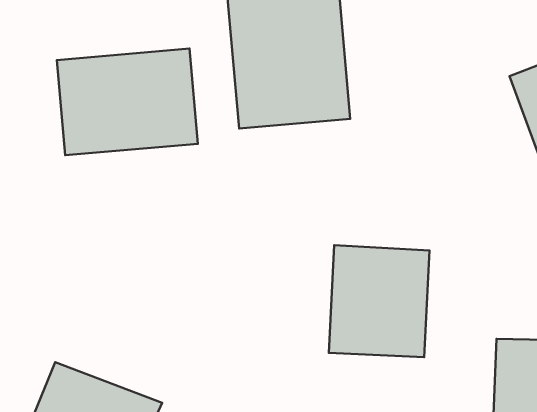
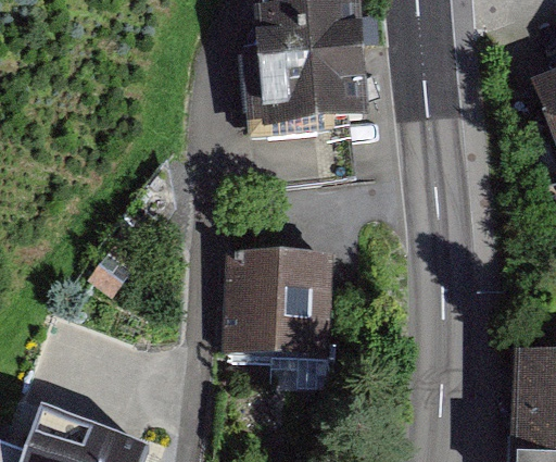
building: [57,49,198,155] -> none
building: [329,245,429,357] -> [236,245,338,359]

